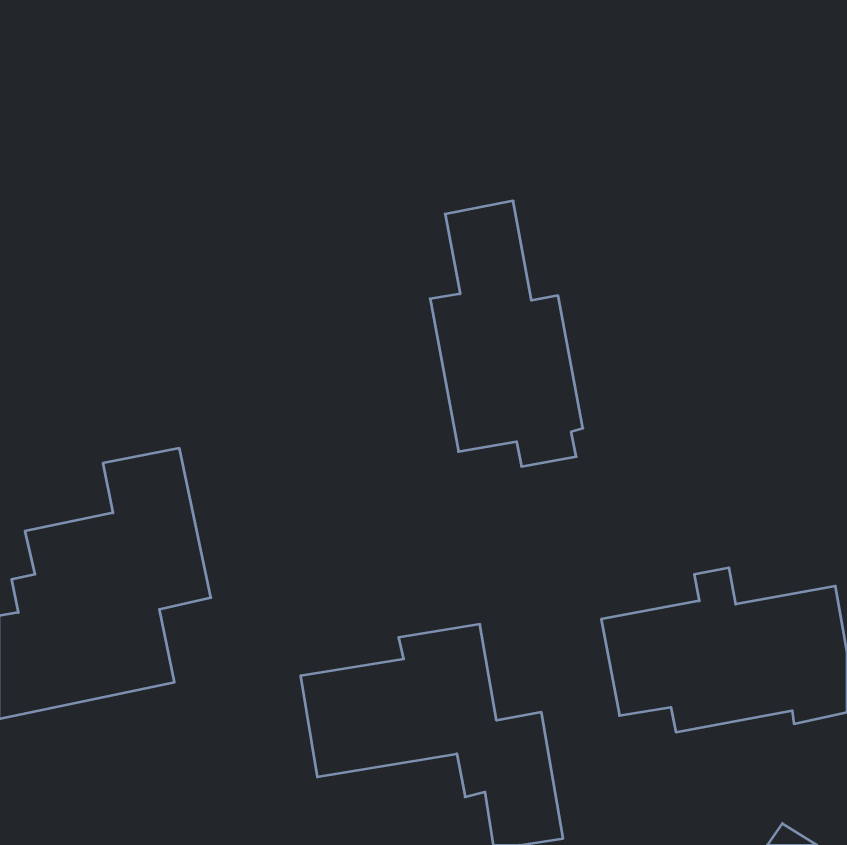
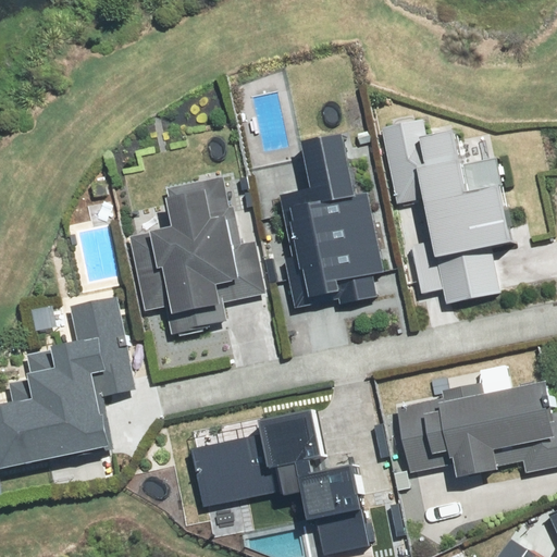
building: none -> [377,116,519,302]
building: none -> [139,176,270,336]

